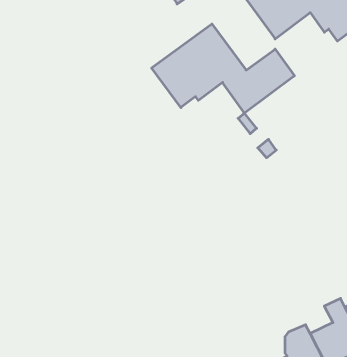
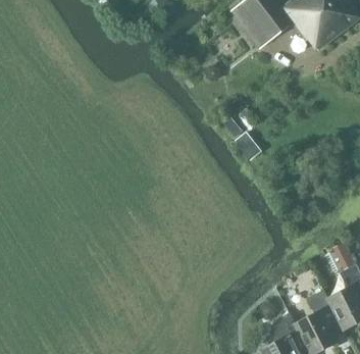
building: [152,24,294,113] -> none

